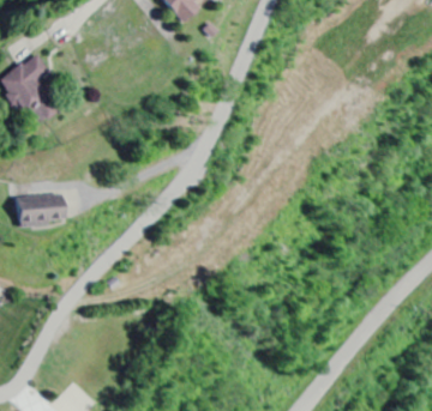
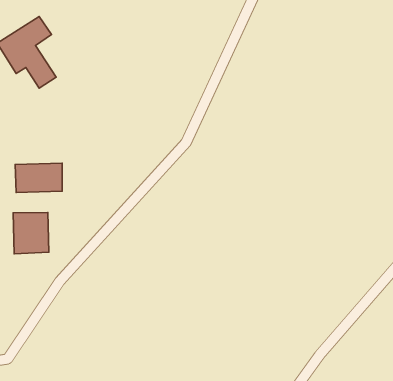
building: none -> [13,213,49,254]

